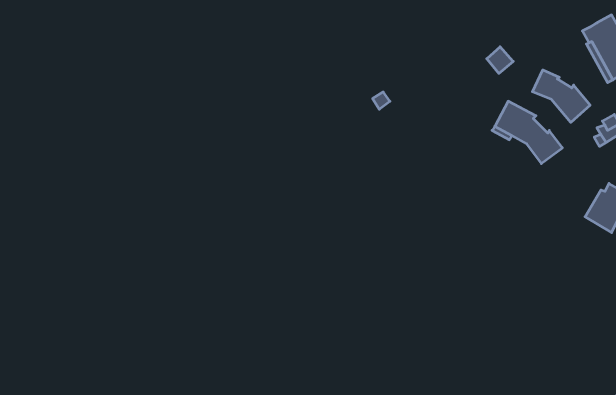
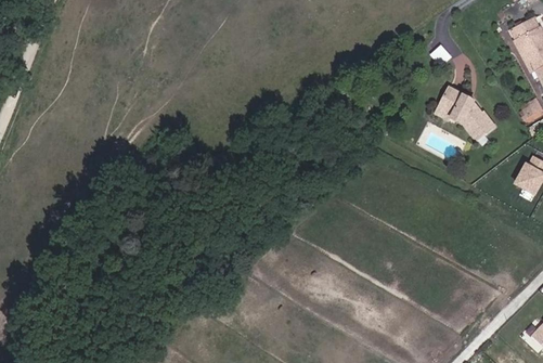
building: [532,70,590,122] -> none

